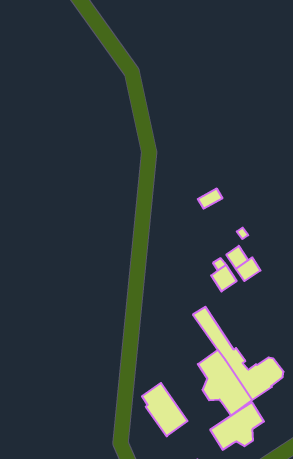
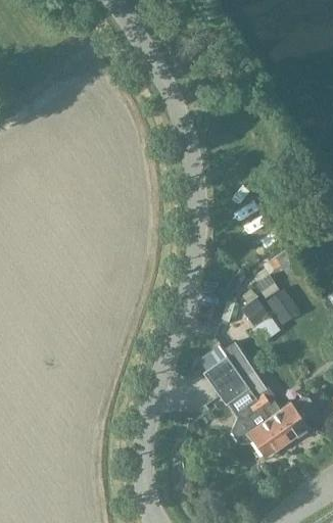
building: [142,383,188,436] -> [200,348,249,406]
building: [210,402,264,450] -> none

